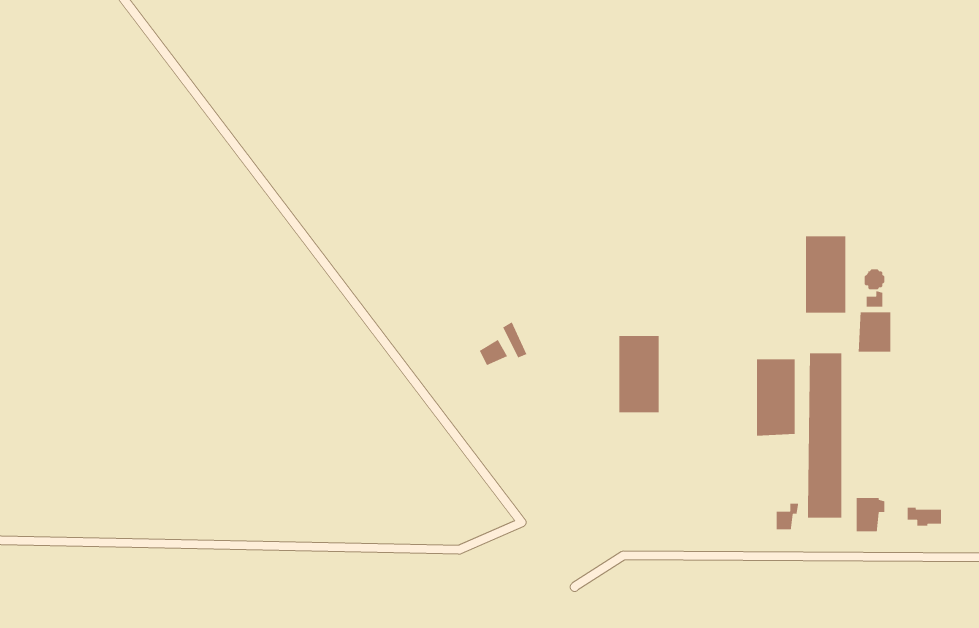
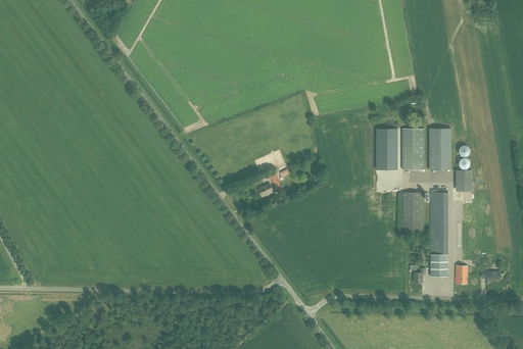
building: none -> [401,129,423,170]
building: [619,335,660,413] -> [375,129,396,169]

